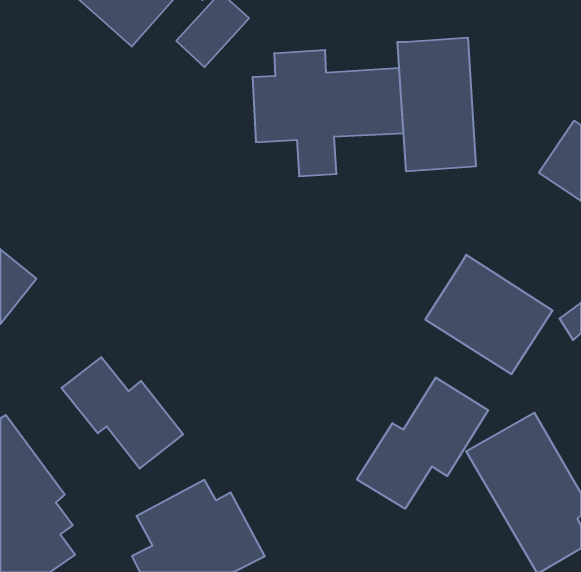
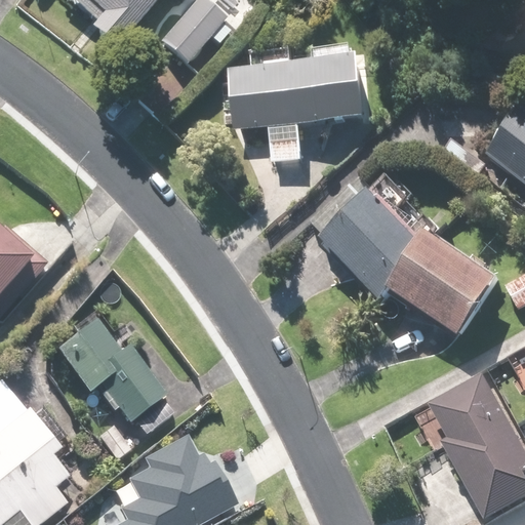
building: [397,38,476,171] -> none
building: none -> [319,174,416,296]
building: [357,377,488,509] -> none

